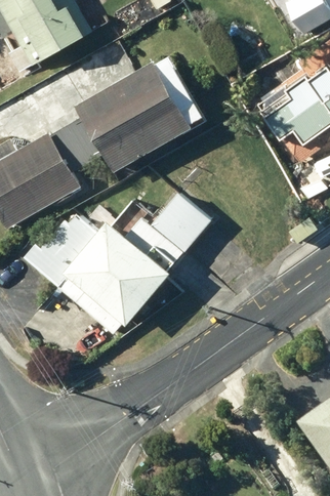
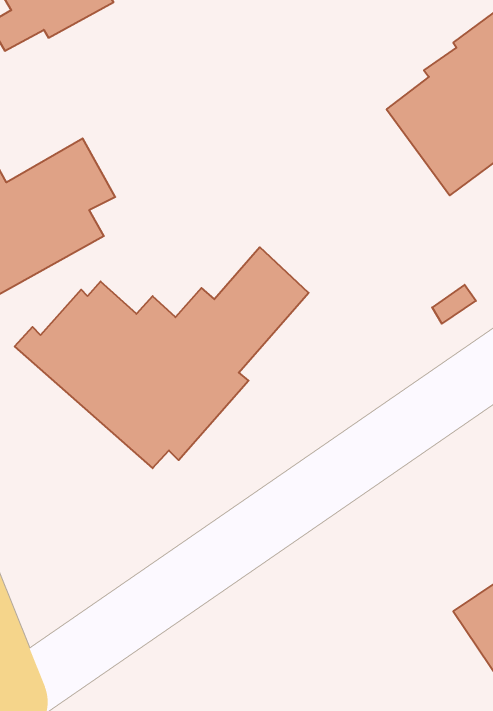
building: [65,57,201,173] -> none

